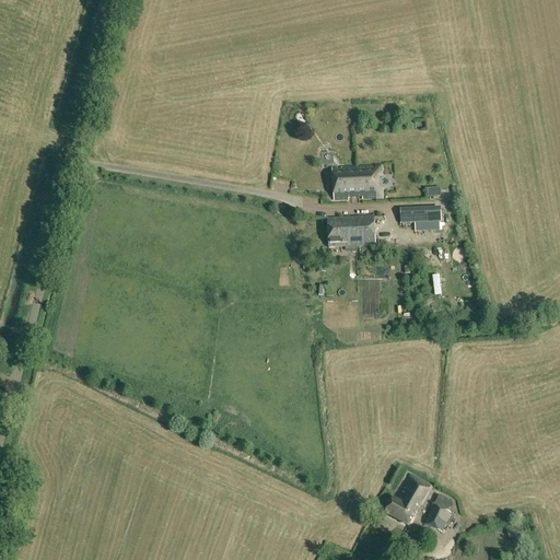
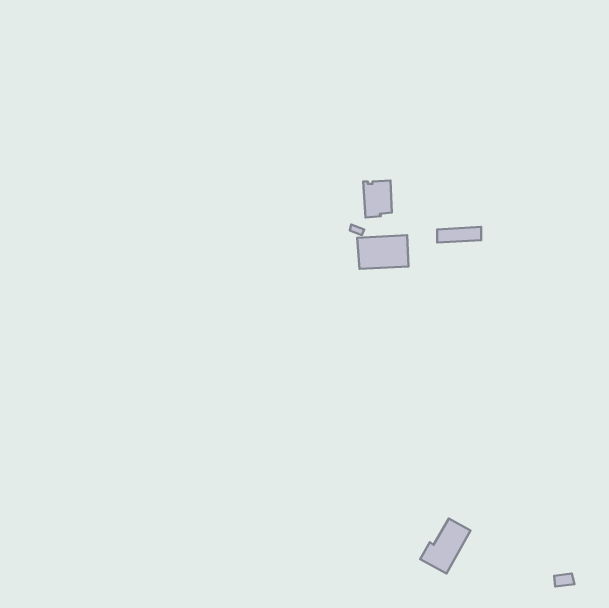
building: [359,164,384,198] -> none
building: [425,494,453,530] -> none

